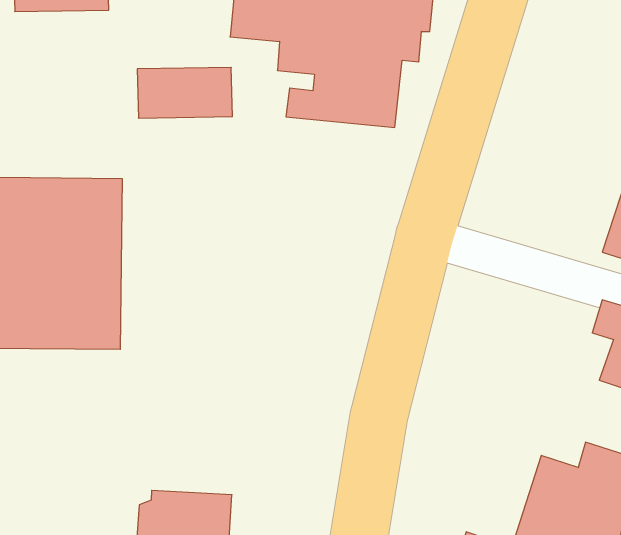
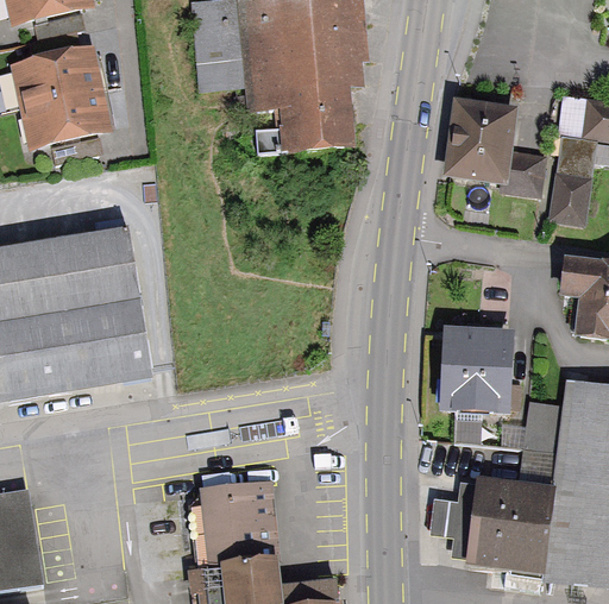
building: [137,67,232,118] -> [14,88,102,145]
building: none -> [446,101,547,197]
building: none -> [433,329,501,408]

